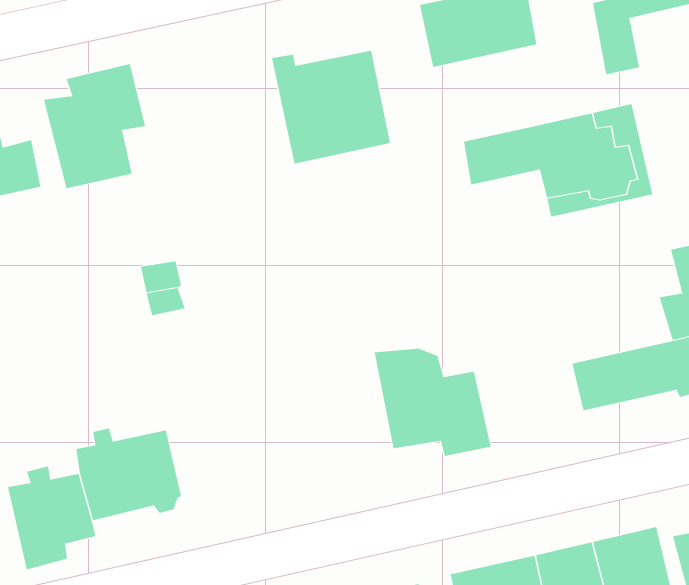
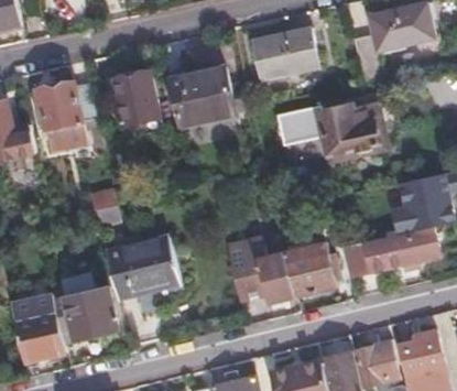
building: none -> [112,65,157,117]
building: none -> [105,236,173,298]
building: none -> [285,245,340,297]

